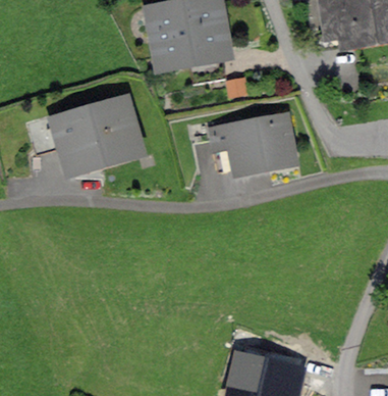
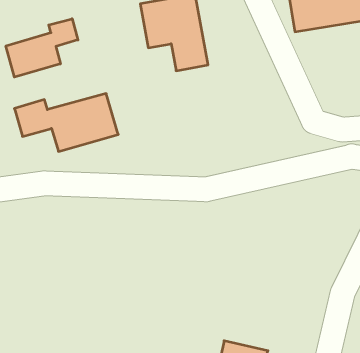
building: none -> [6,19,78,77]
building: [213,111,293,165] -> none

